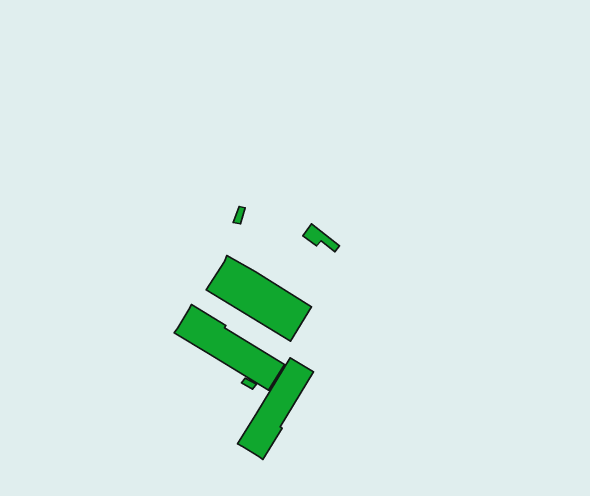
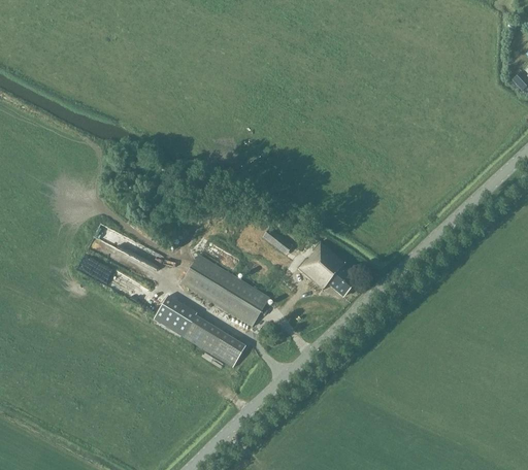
building: none -> [298,242,358,297]
building: [238,358,313,459] -> none

